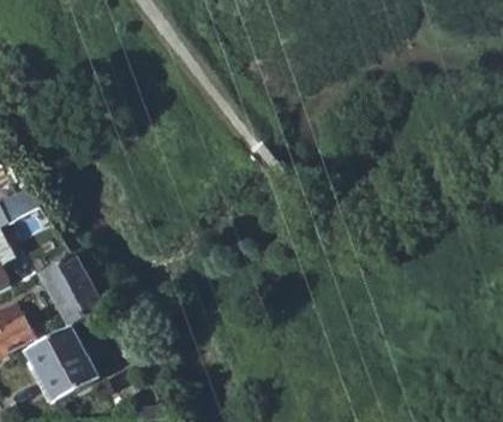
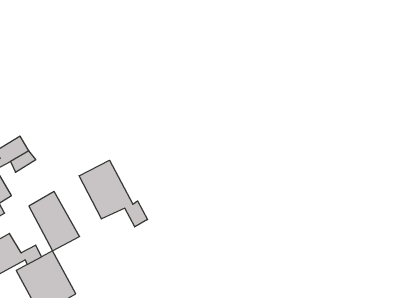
building: none -> [79,160,148,227]

